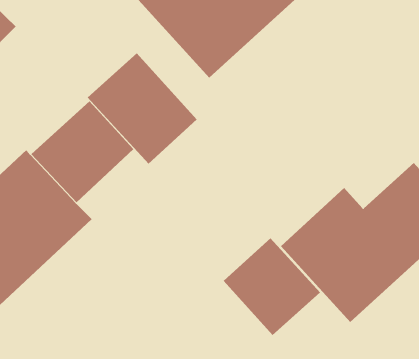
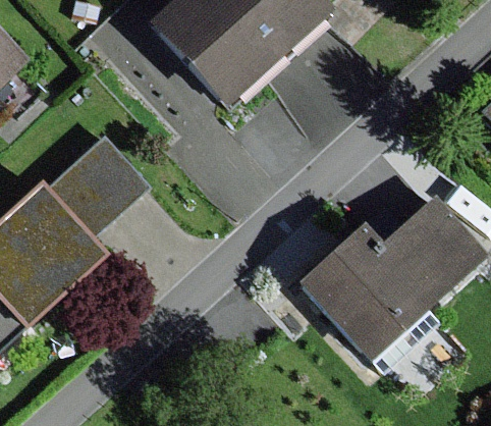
building: [87,53,198,165] -> none
building: [223,238,321,336] -> none

